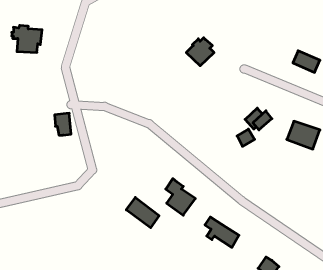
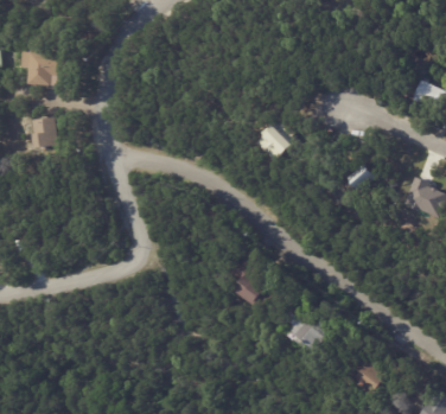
building: [186,38,214,66] -> [257,123,295,161]
building: [55,113,71,135] -> [36,117,58,147]
building: [126,197,159,228] -> none

